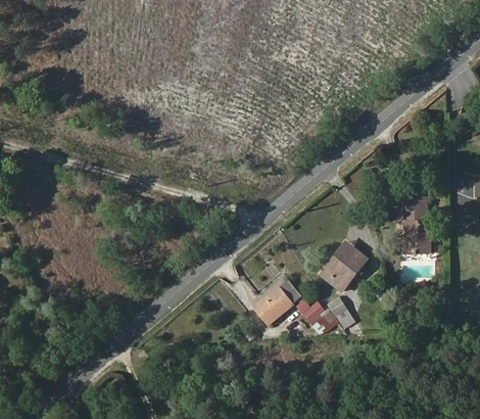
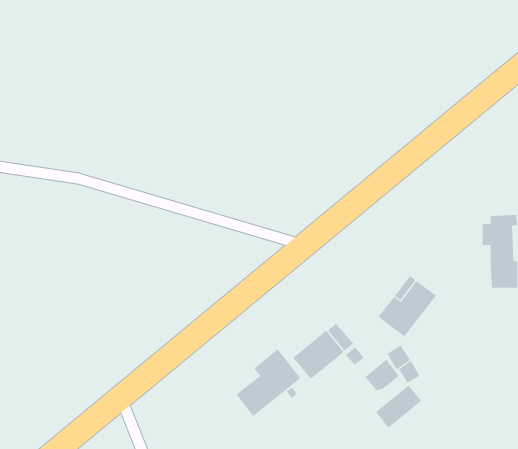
building: none -> [236,348,301,417]
building: none -> [375,385,421,429]

